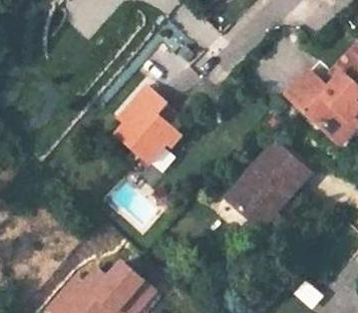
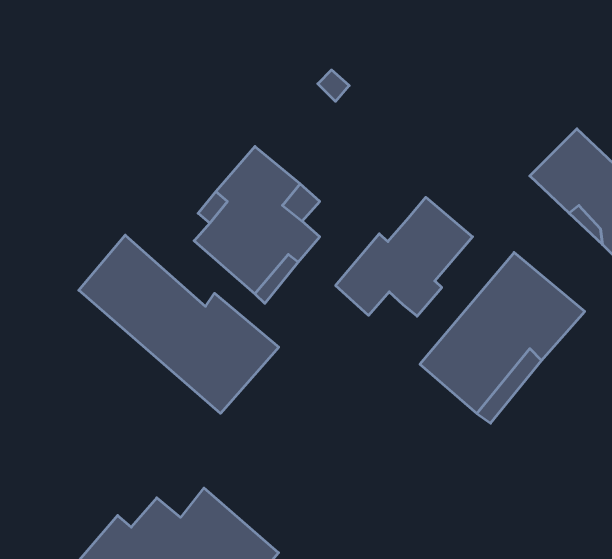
building: none -> [336,197,473,316]
building: none -> [79,235,279,413]

